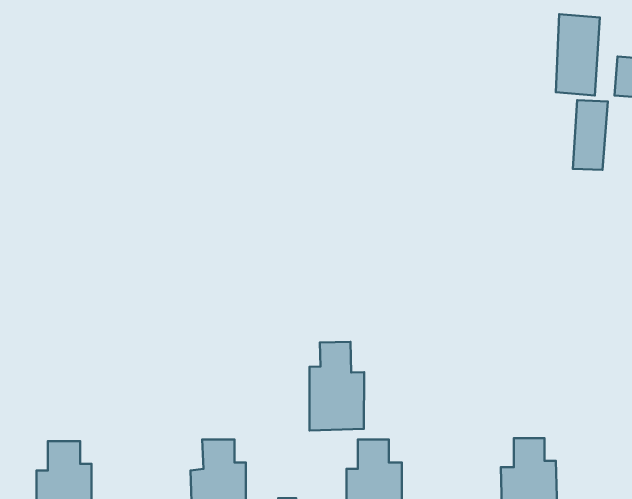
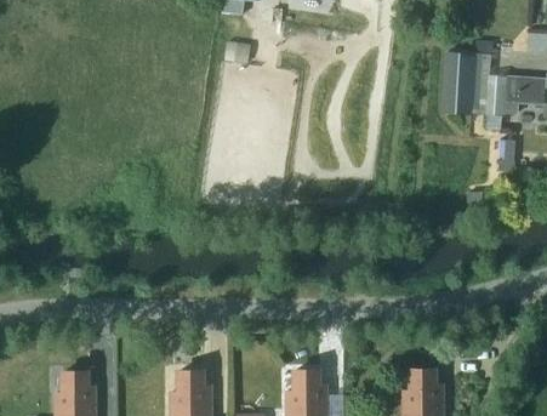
building: [573,100,608,170] -> none
building: [309,342,364,431] -> none

